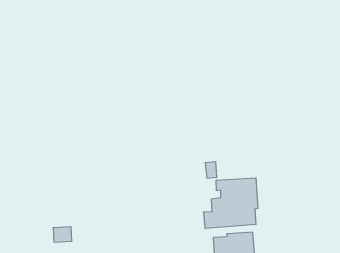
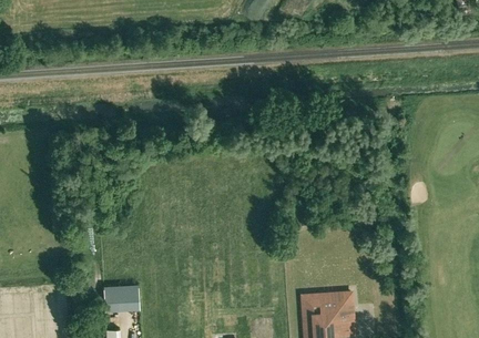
building: [204,178,258,229] -> none

